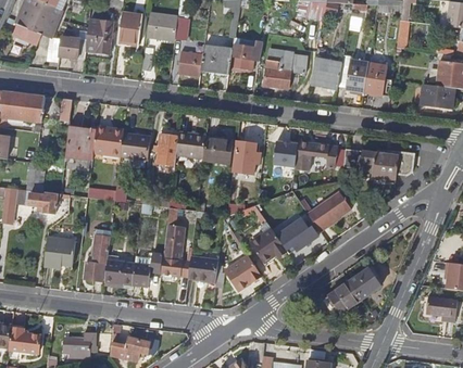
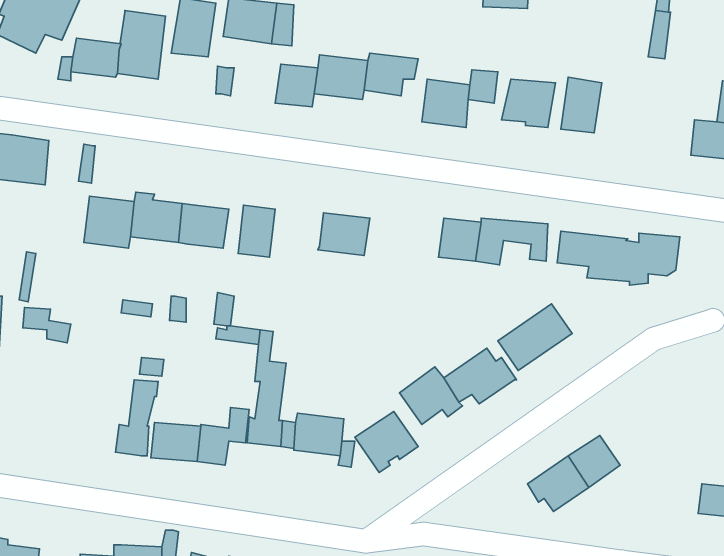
building: [364,62,387,94] -> none
building: [175,130,205,157] -> none
building: [233,141,259,174] -> none
building: [39,236,71,266] -> none

